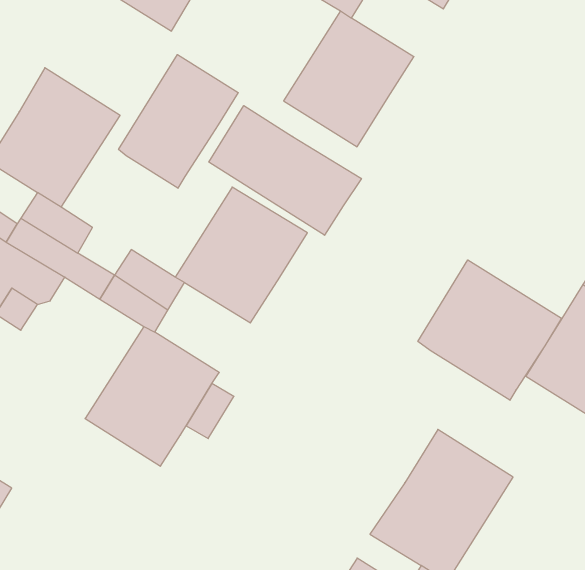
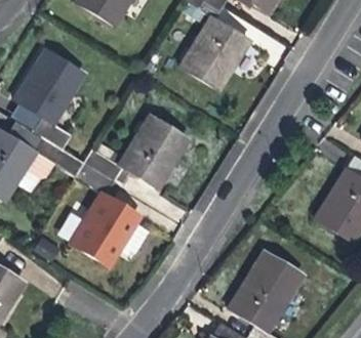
building: [119,55,238,188] -> none
building: [209,106,361,235] -> none
building: [418,260,562,400] -> none

